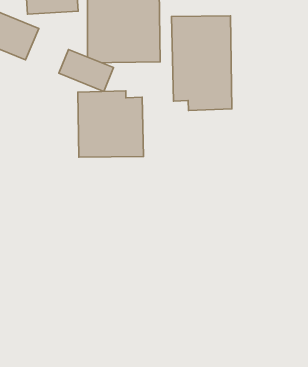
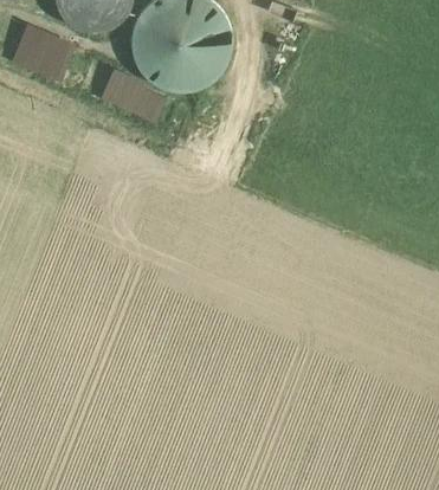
building: [172,16,232,110] -> none
building: [78,91,144,157] -> none

